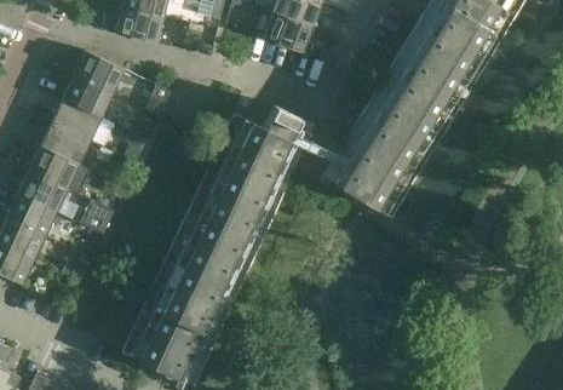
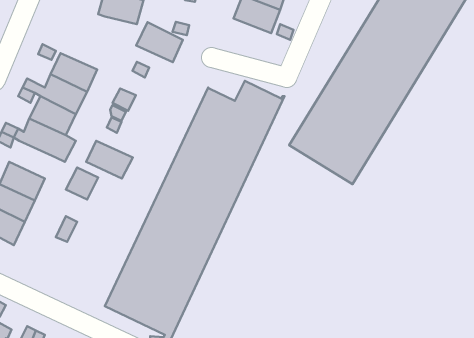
building: [73,50,123,93] -> [136,22,183,62]
building: [17,171,68,212] -> [86,141,133,179]

